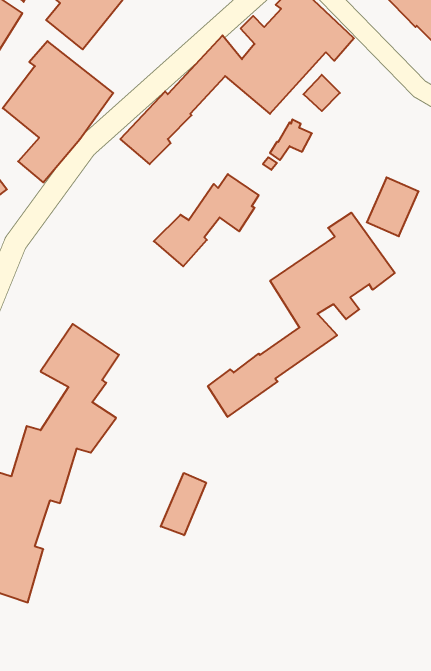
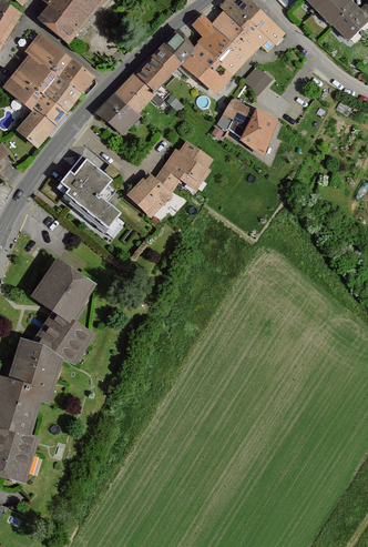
building: [367,177,419,236] -> [237,104,278,151]
building: none -> [55,152,117,236]
building: [208,213,395,417] -> none
building: [161,473,206,535] -> none

